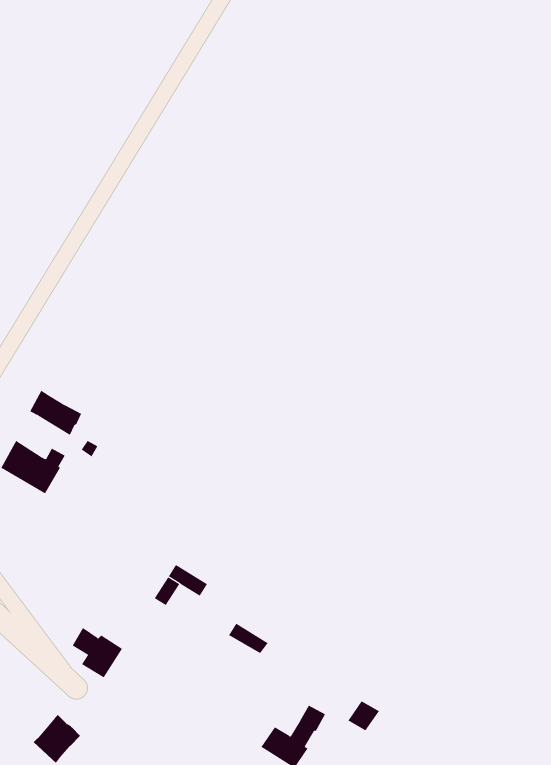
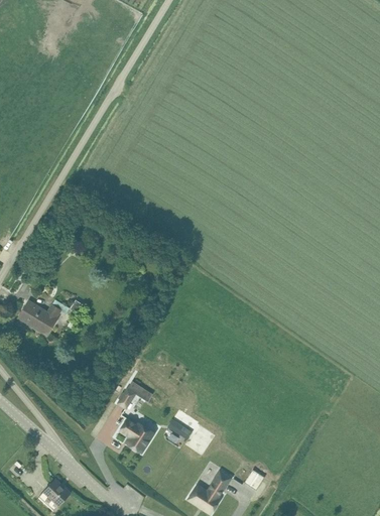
building: [30,390,82,435] -> none
building: [72,627,123,678] -> [119,419,152,453]

